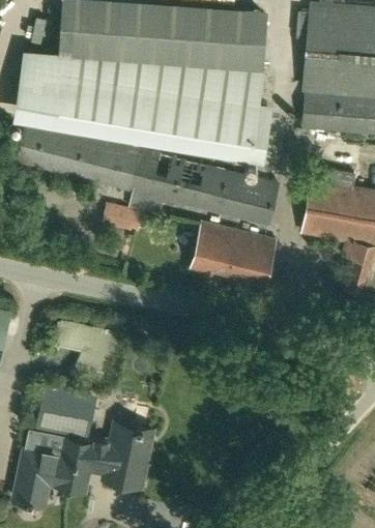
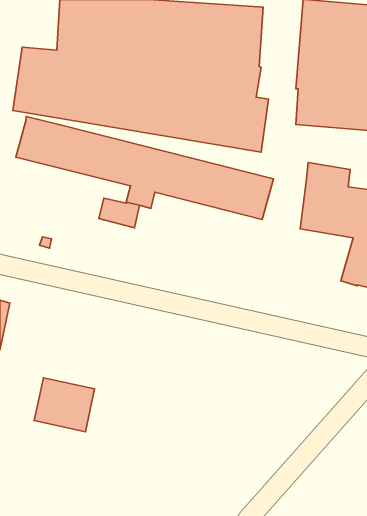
building: [191,222,276,288] -> none
building: [13,424,152,506] -> none

